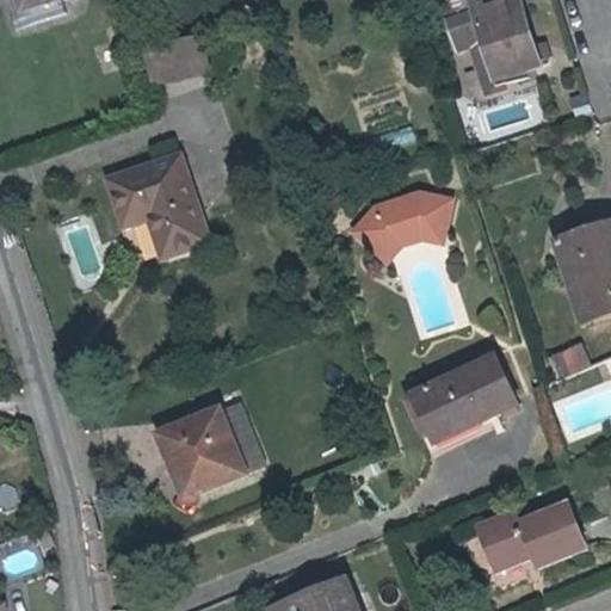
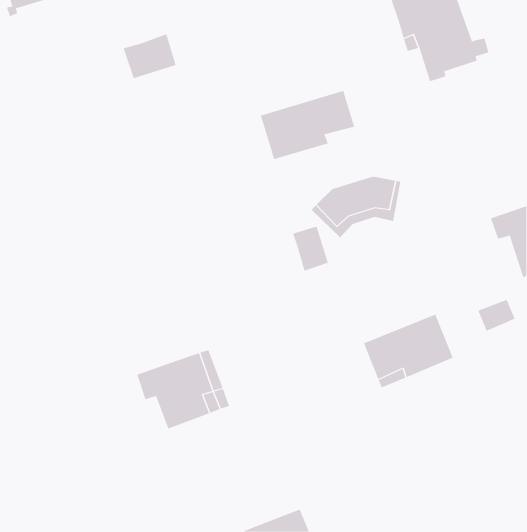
building: none -> [260,90,355,160]
building: [105,160,199,252] -> none
building: none -> [292,226,329,271]
building: [482,496,582,561] -> none

